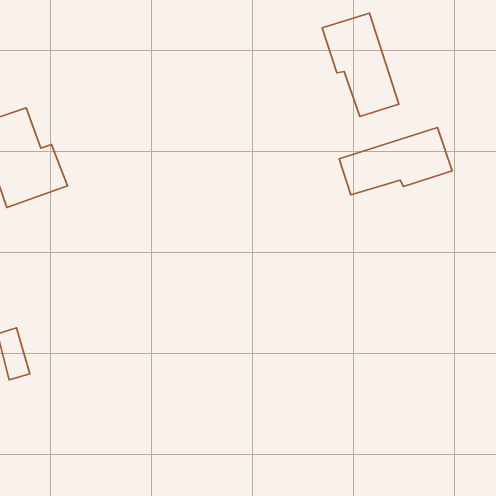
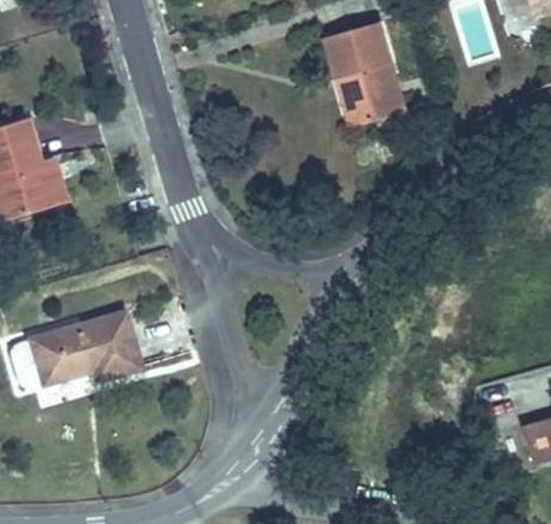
building: [339,127,452,195] -> none
building: none -> [30,308,139,382]

